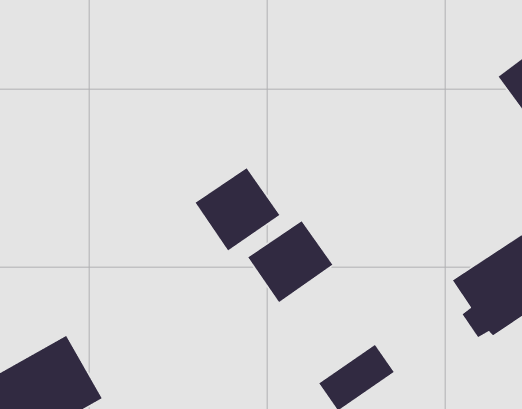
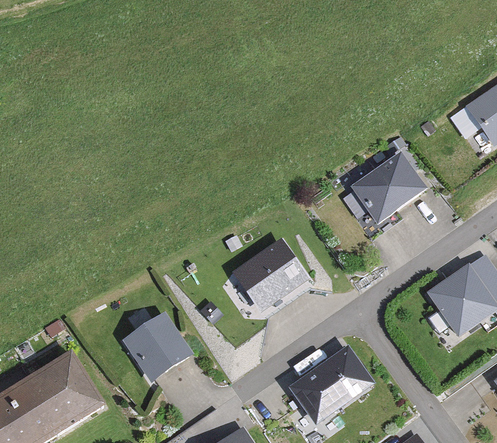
building: none -> [346,153,426,228]
building: [195,167,280,252] -> none
building: none -> [117,311,195,386]

